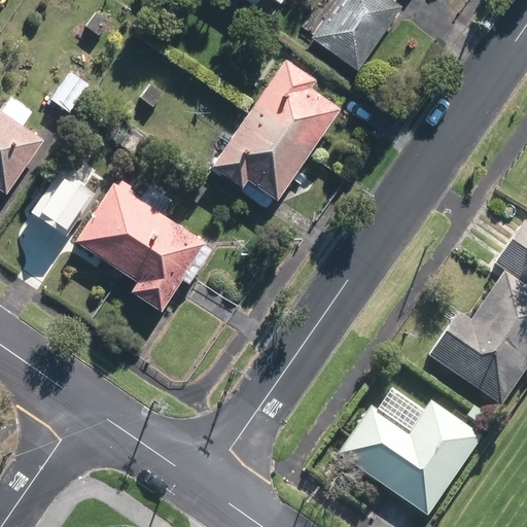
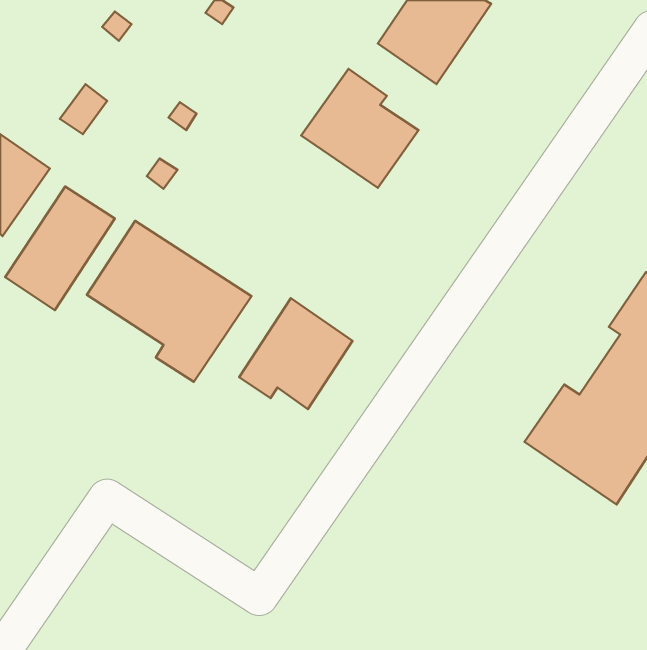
building: [210,111,309,199] -> none
building: none -> [239,298,353,409]
building: [337,401,483,518] -> none

